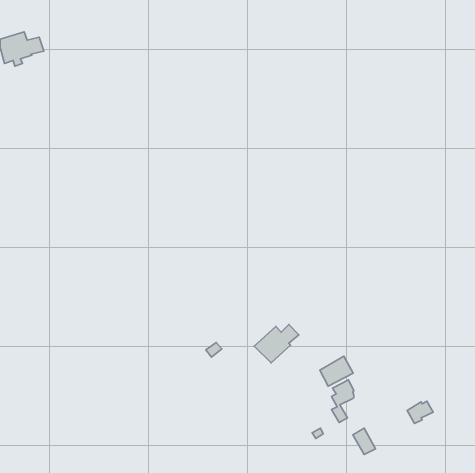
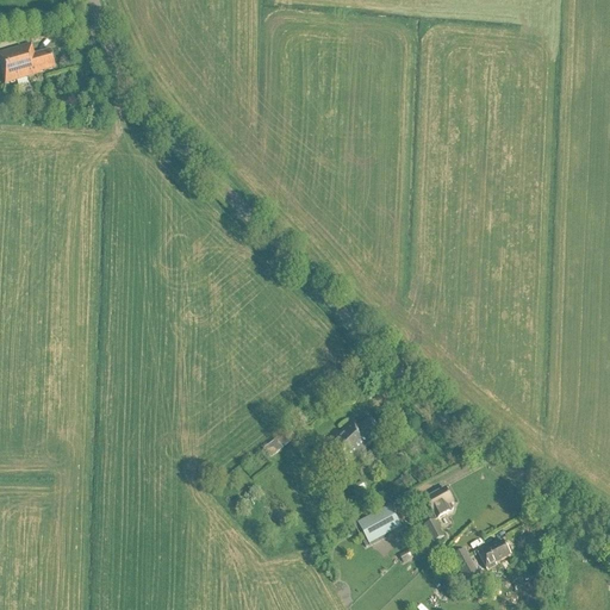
building: [320,356,353,386] -> [360,503,403,541]
building: [407,401,433,423] -> [479,539,512,567]

